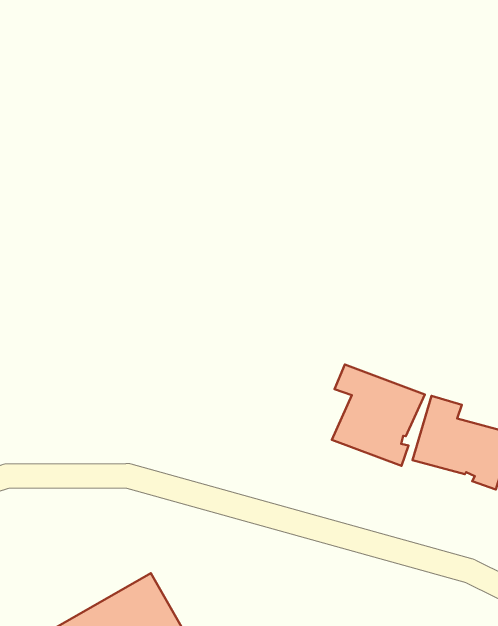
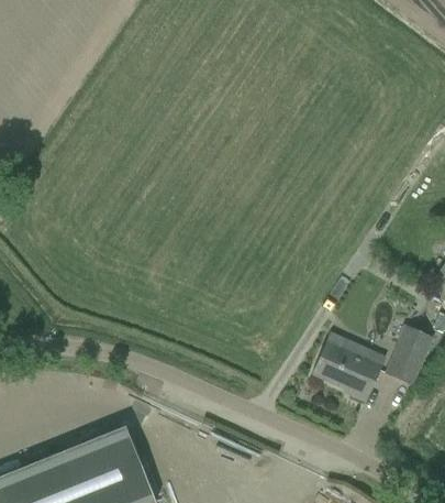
building: [332,364,425,466] -> none

